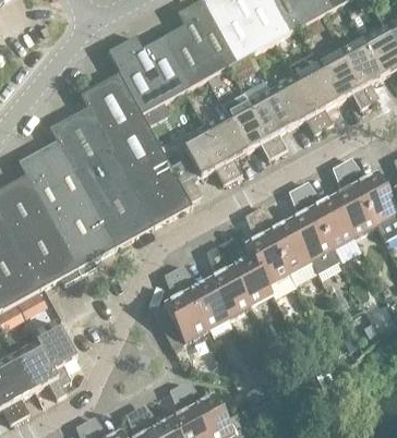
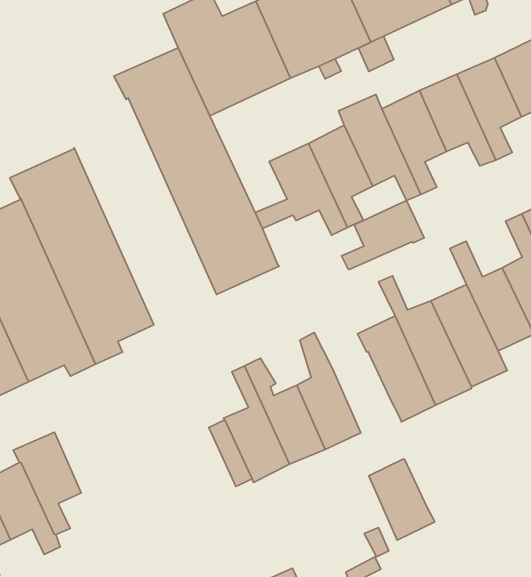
building: [49,105,153,246] -> none
building: none -> [342,201,424,269]
building: [229,254,273,305] -> [369,459,435,540]

